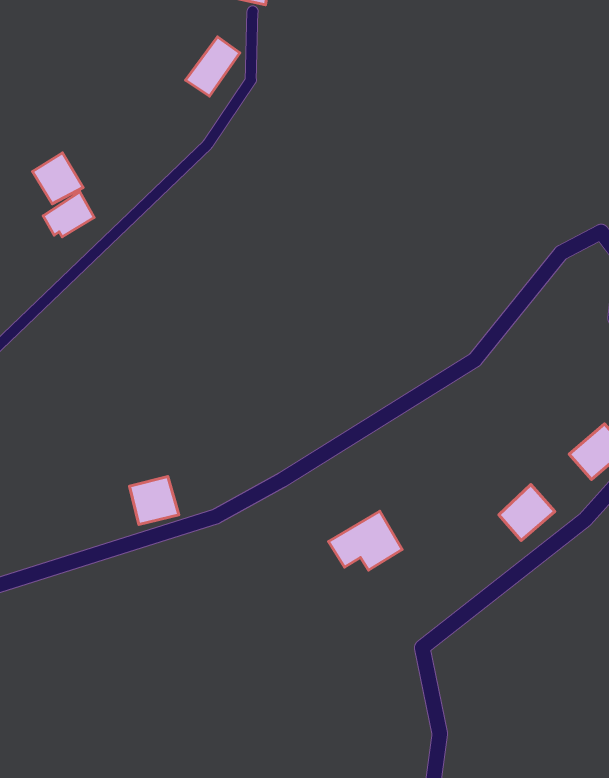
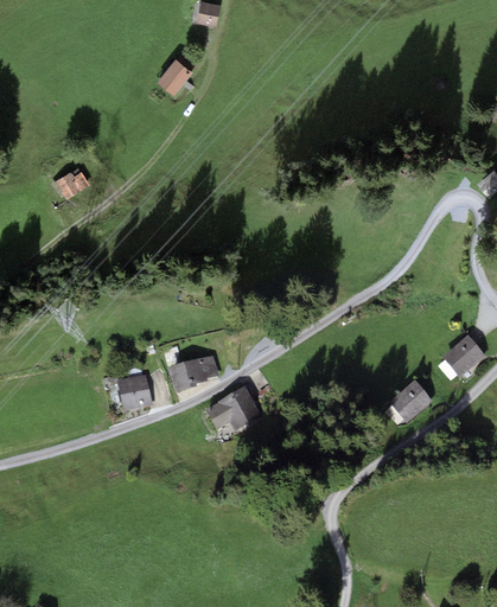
building: [33,153,83,204] -> none
building: none -> [167,353,219,392]
building: [329,511,402,570] -> [206,386,261,430]

